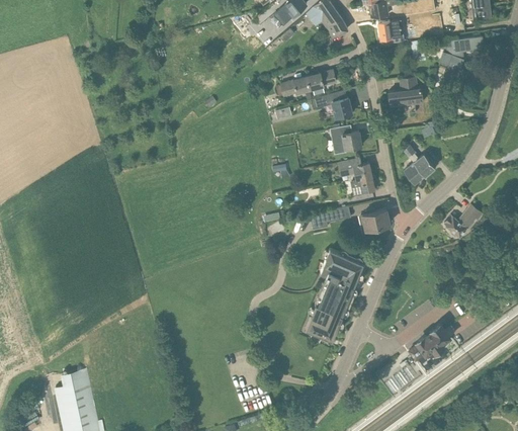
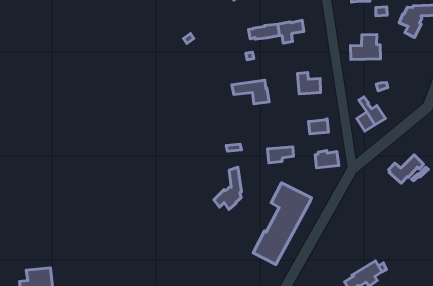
building: [310,90,352,117] -> [232,80,269,104]
building: [338,159,371,179] -> none
building: none -> [214,167,241,209]

